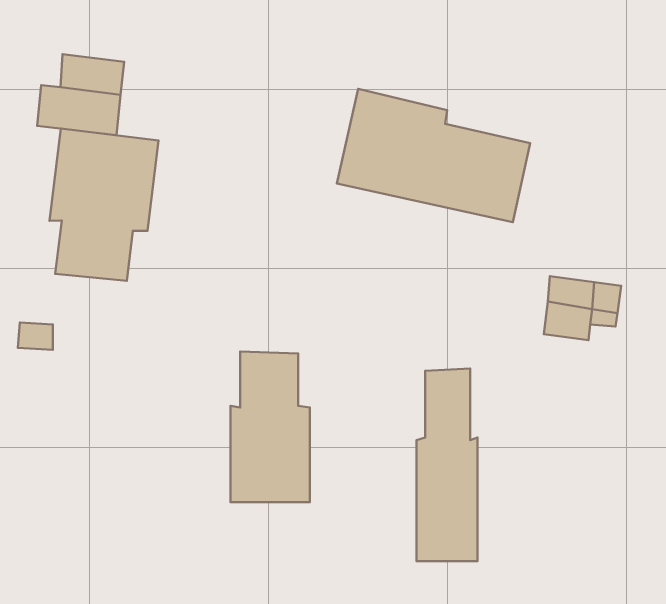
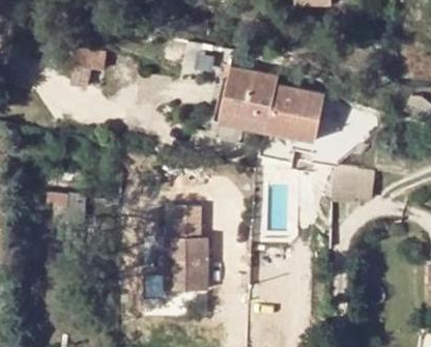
building: [50,129,158,281] -> none
building: [416,368,478,561] -> none

